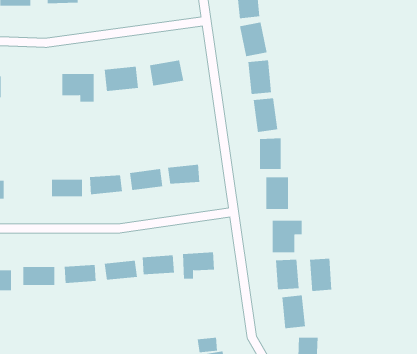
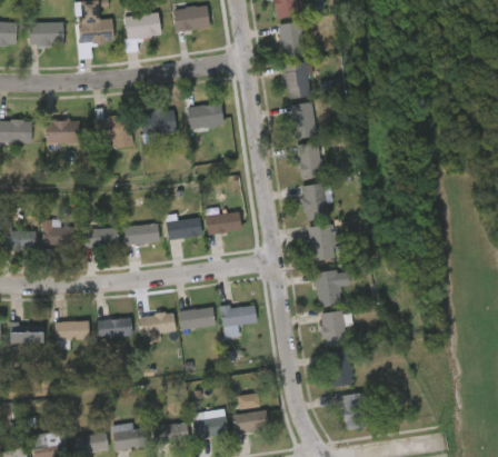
building: none -> [46,121,81,152]
building: none -> [42,227,76,248]
building: [310,258,332,292] -> none

